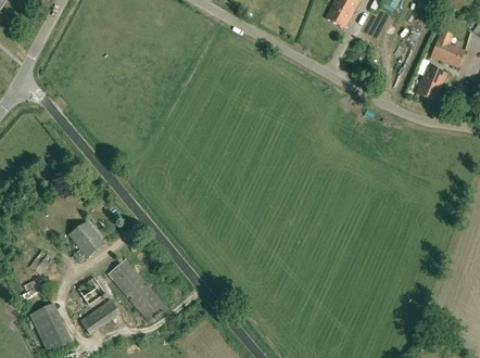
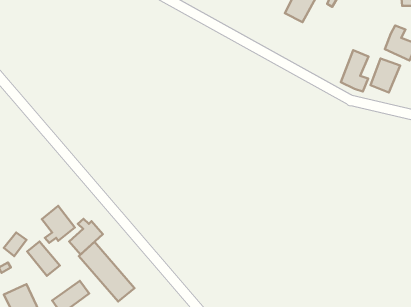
building: none -> [341,50,368,91]
building: none -> [69,219,103,254]
building: none -> [27,242,60,276]

